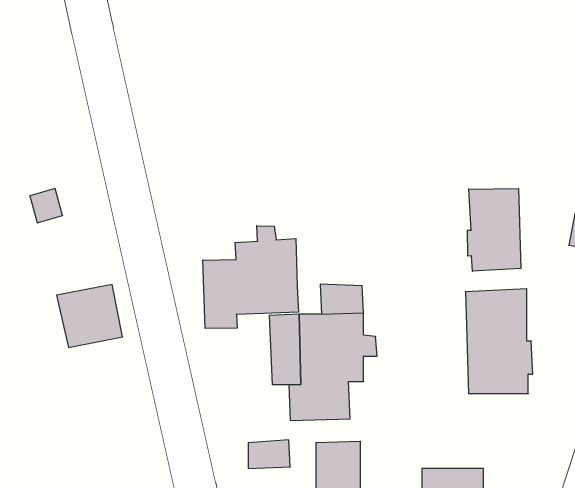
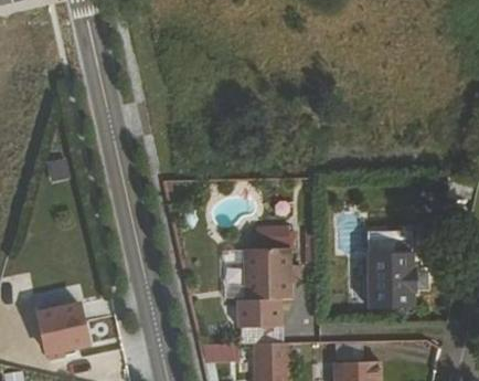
building: [468,189,521,271] -> none
building: [203,226,299,328] -> none
building: [57,285,123,347] -> [36,305,85,351]

